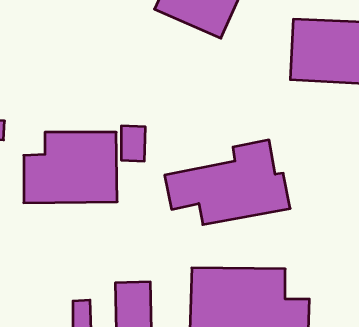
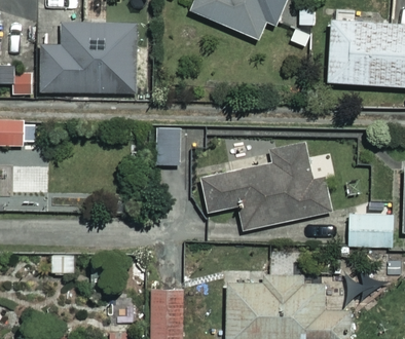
building: [24,132,117,203] -> [40,24,136,96]
building: none -> [344,215,393,247]

